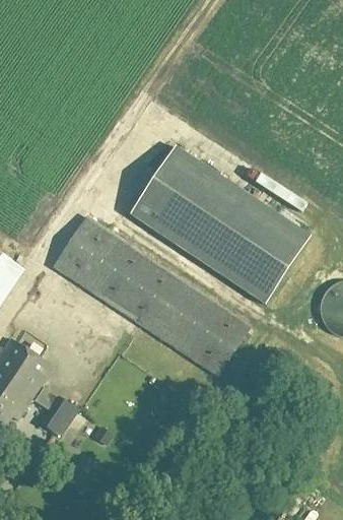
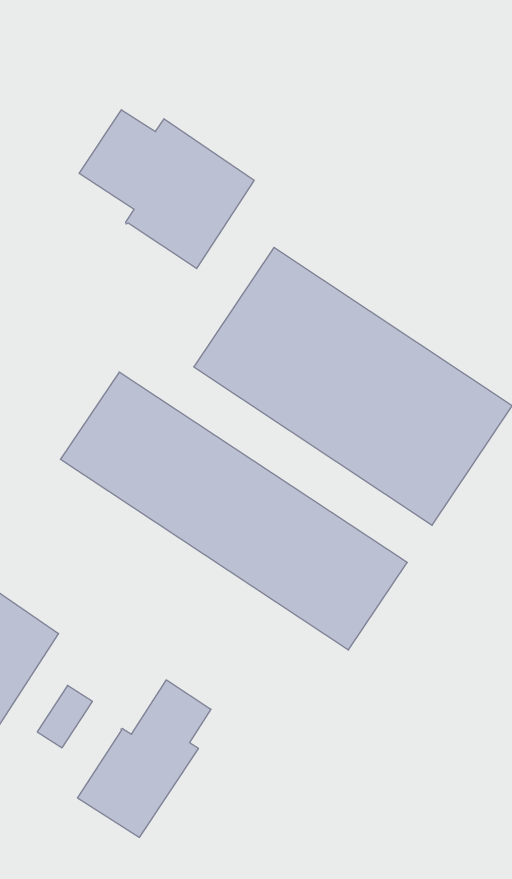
building: none -> [79,110,254,269]
building: none -> [78,680,211,837]

